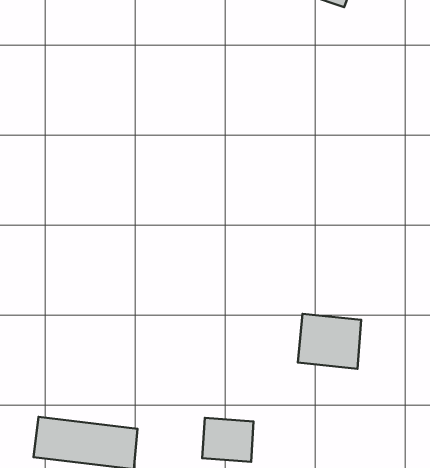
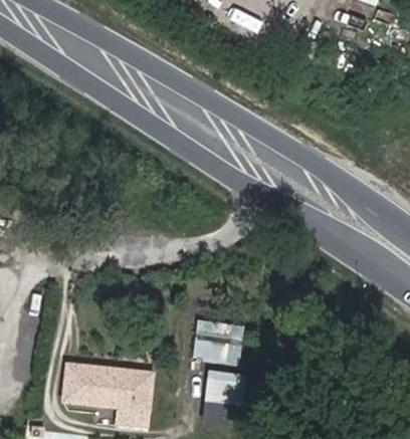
building: [298,314,361,369] -> [192,319,244,365]

